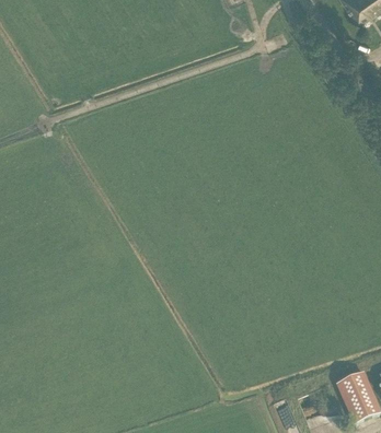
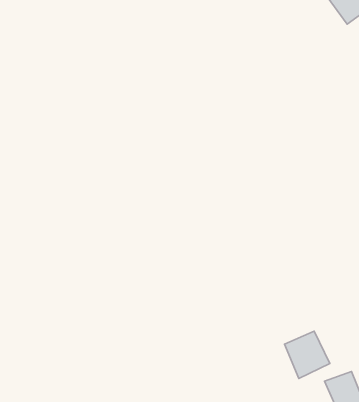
building: none -> [284,331,330,379]

